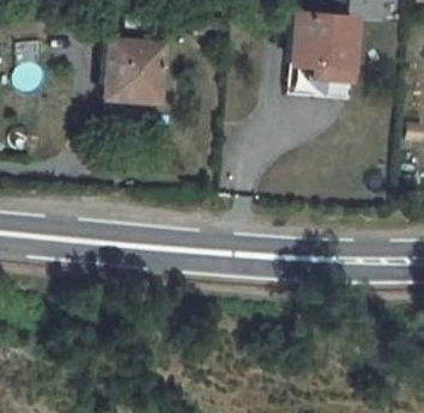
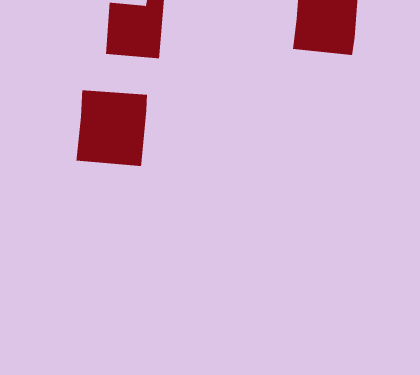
building: none -> [76,89,147,167]

